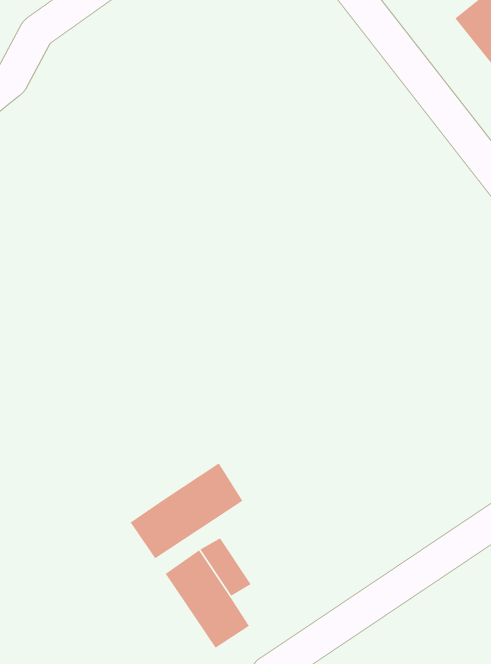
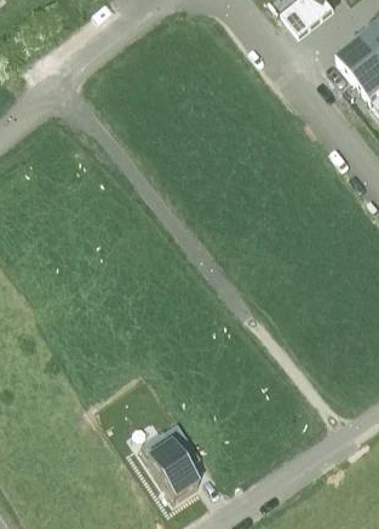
building: [130,462,243,559] -> none

